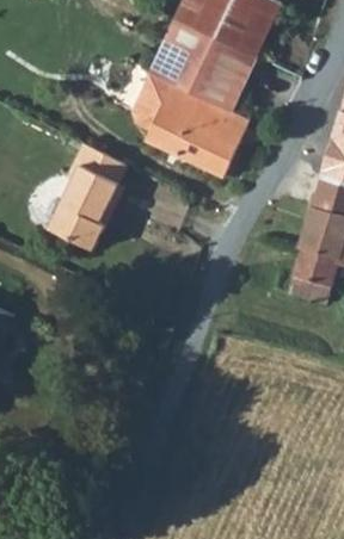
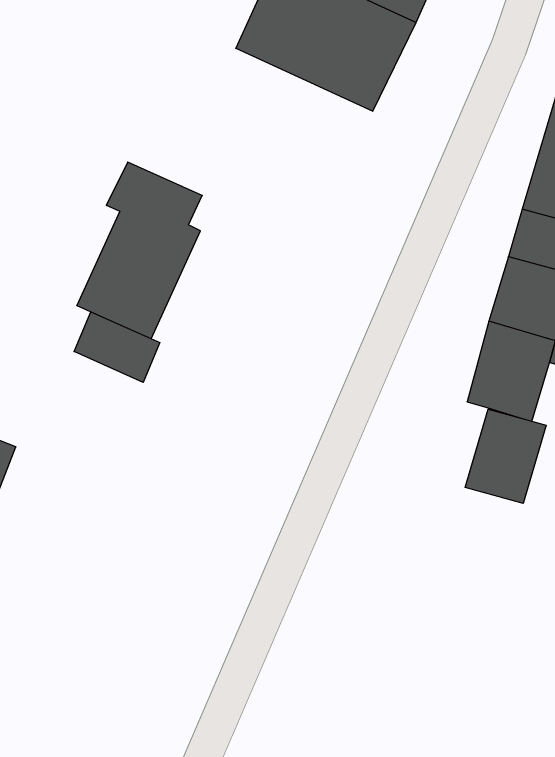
building: [128,75,250,184] -> none
building: none -> [74,312,160,382]
building: none -> [465,409,546,503]

